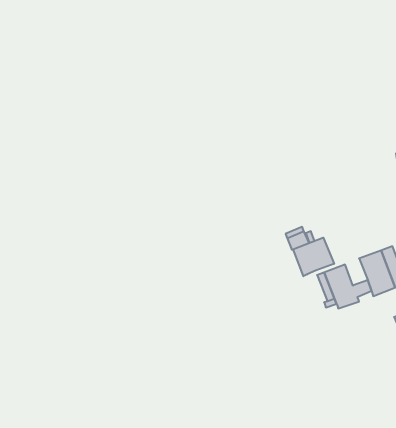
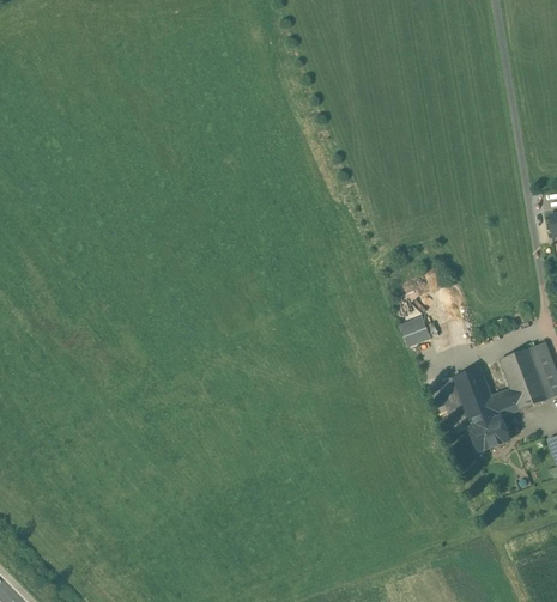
building: [293,238,334,276] -> none
building: none -> [468,416,508,451]

